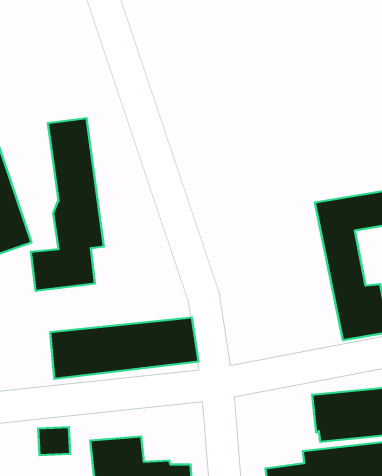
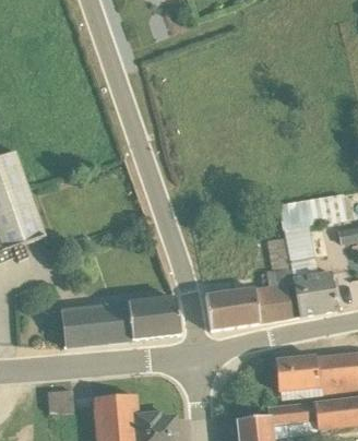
building: [31,118,104,291] -> none
building: none -> [204,236,291,330]

